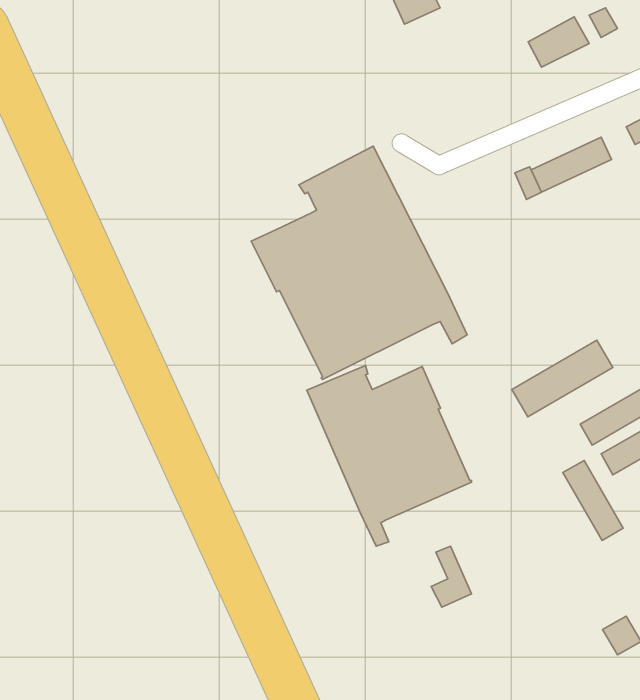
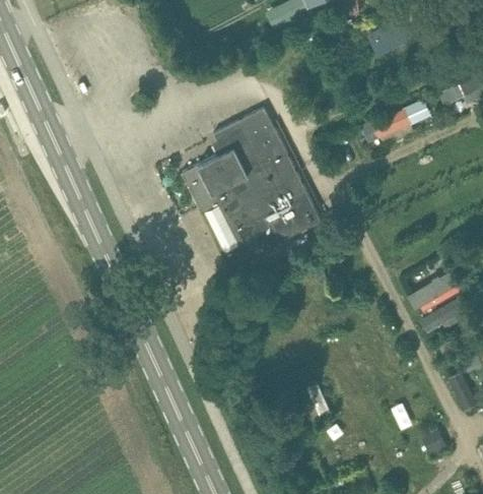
building: [512,340,613,417] -> none
building: [307,365,472,546] -> none
building: [563,460,623,541] -> none

